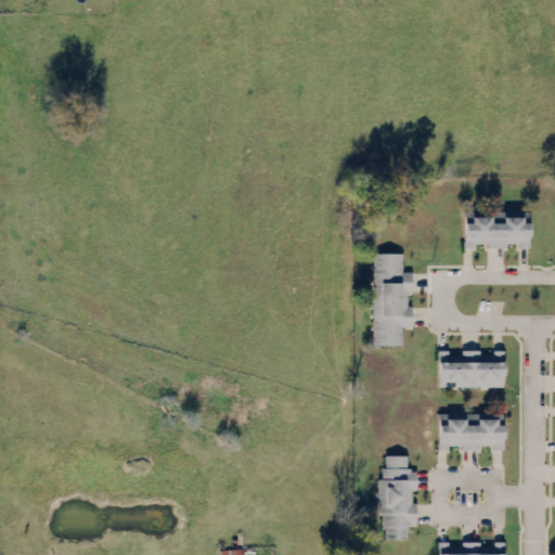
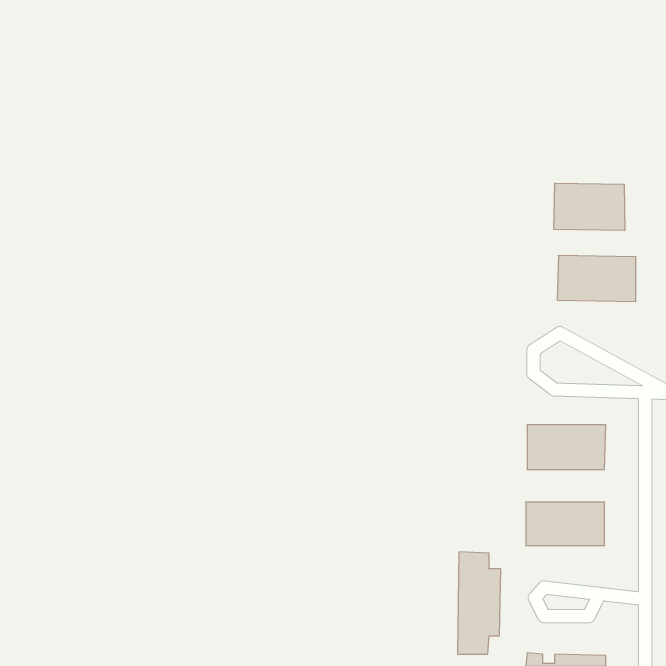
building: none -> [554,183,625,231]
building: [375,254,412,346] -> none

